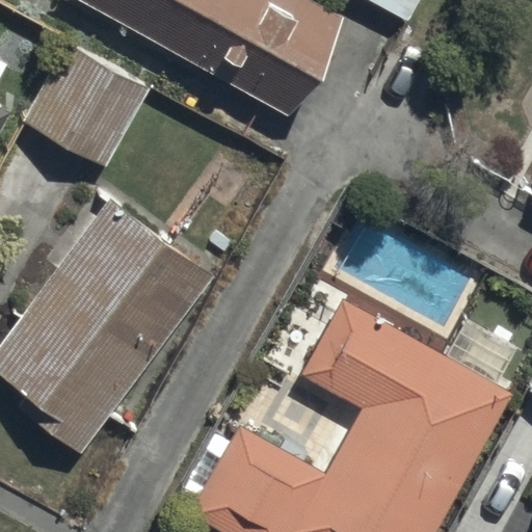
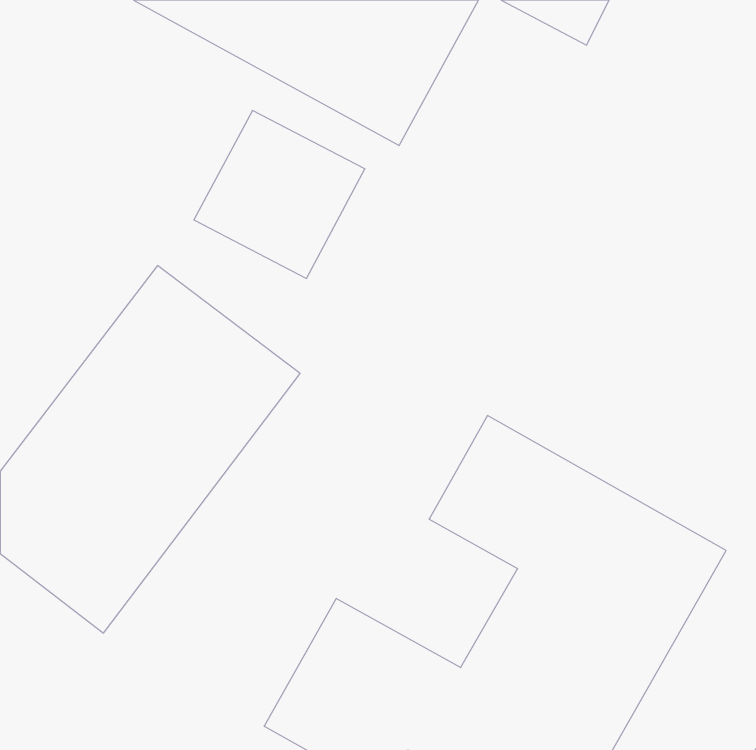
building: [28,49,147,165] -> [194,110,365,278]

